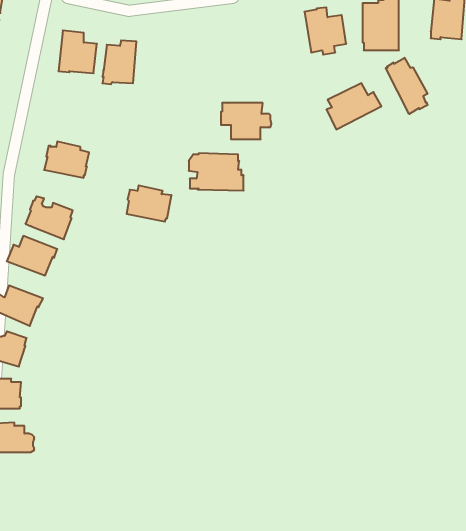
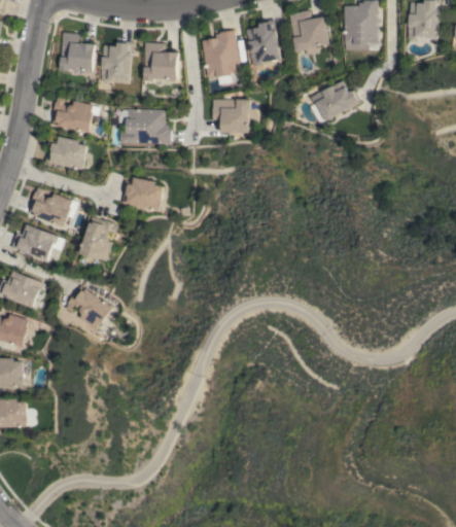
building: none -> [246,20,280,68]
building: none -> [202,31,240,85]
building: none -> [143,42,177,81]
building: [386,58,428,114] -> none
building: none -> [51,98,94,133]
building: [189,153,244,191] -> [118,109,170,144]
building: none -> [78,217,117,261]
building: none -> [65,285,112,329]

